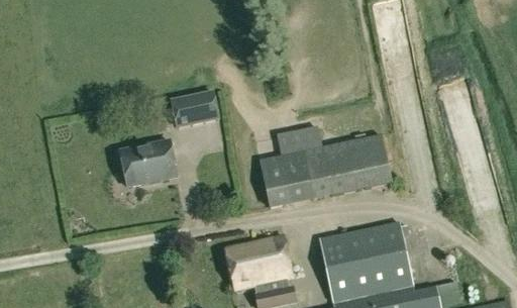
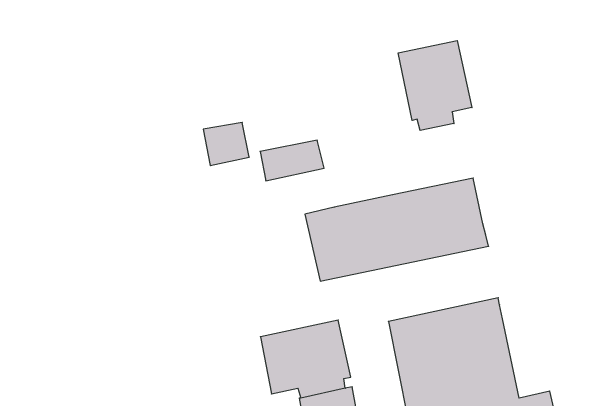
building: none -> [398,41,472,130]
building: [276,125,322,155] -> [260,140,324,181]
building: [119,140,177,187] -> none

